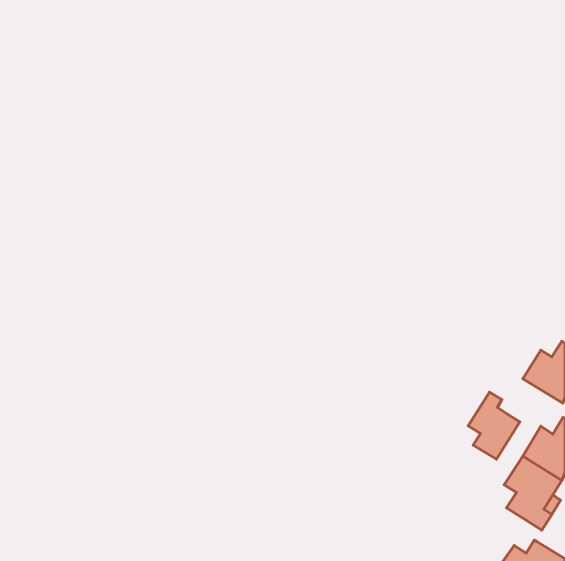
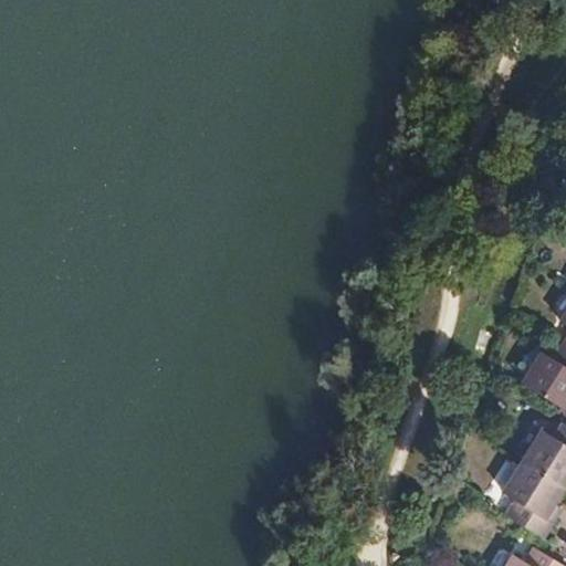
building: [468,392,520,459] -> none

